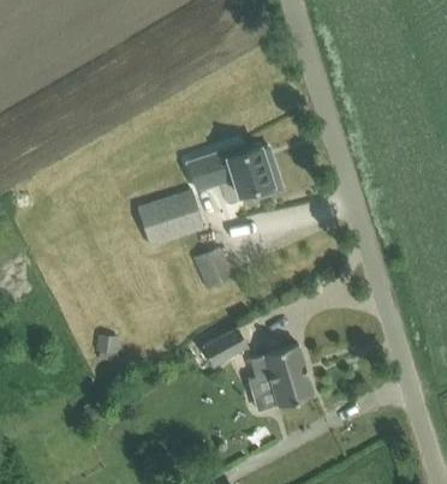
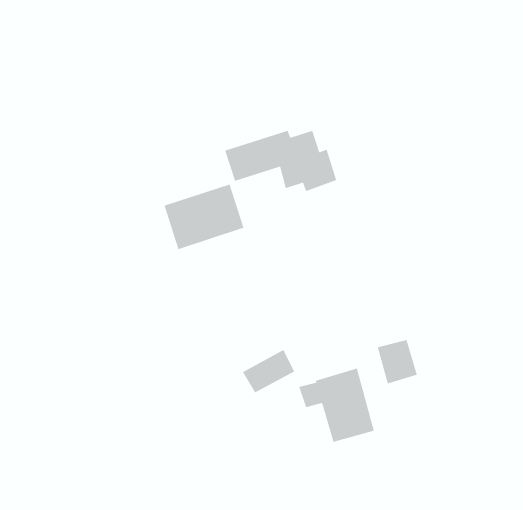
building: [192,247,231,289] -> none
building: none -> [377,339,418,385]

